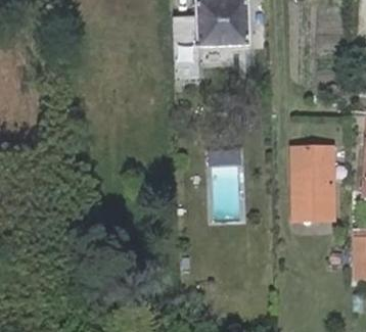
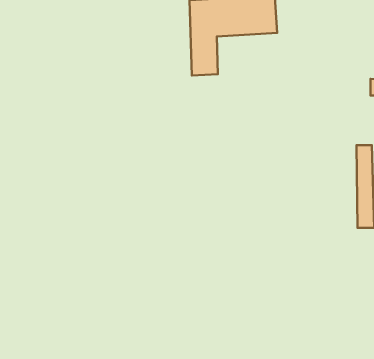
building: [291,145,317,217] -> none

